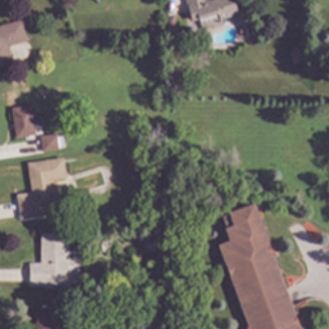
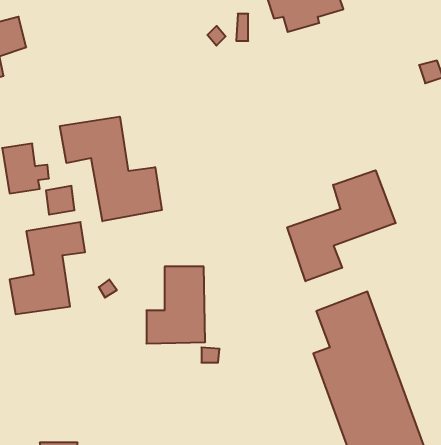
building: none -> [60,117,162,221]
building: none -> [287,170,396,281]
building: [29,233,69,285] -> [146,267,205,344]

